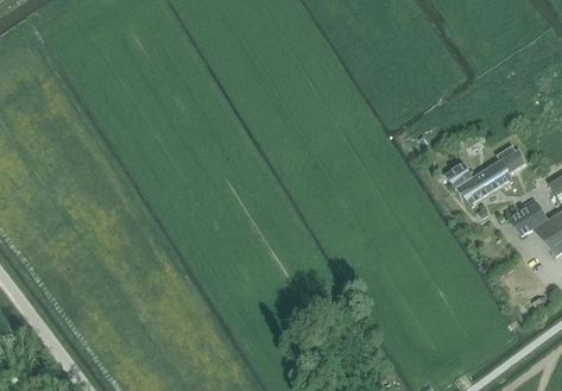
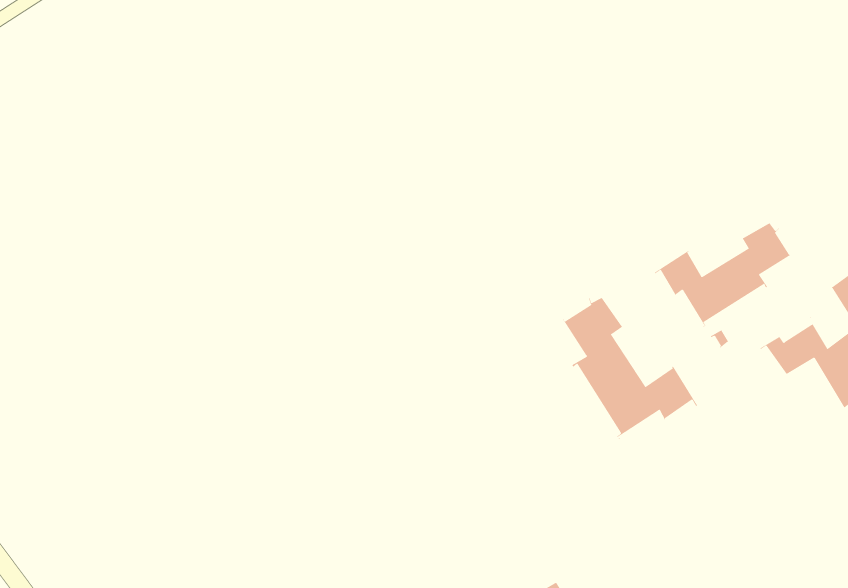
building: none -> [563,296,698,440]

